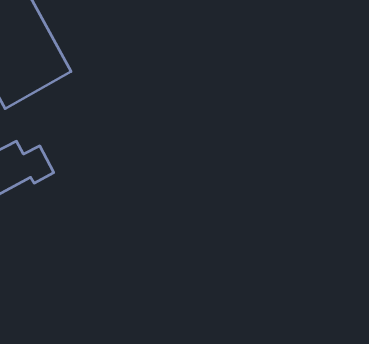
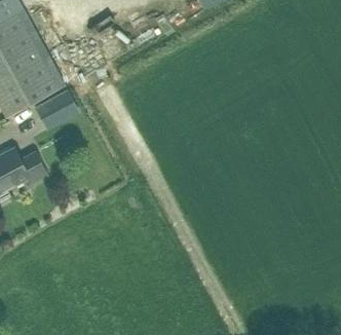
building: none -> [34,89,79,131]

